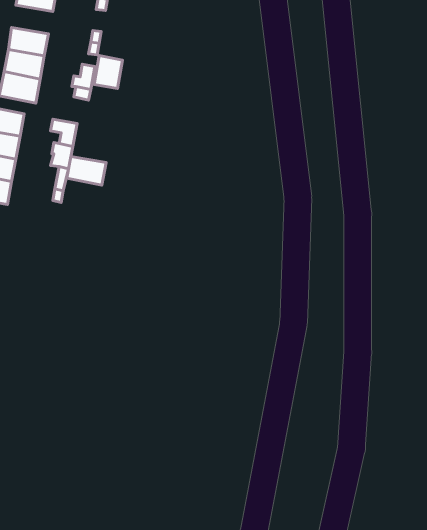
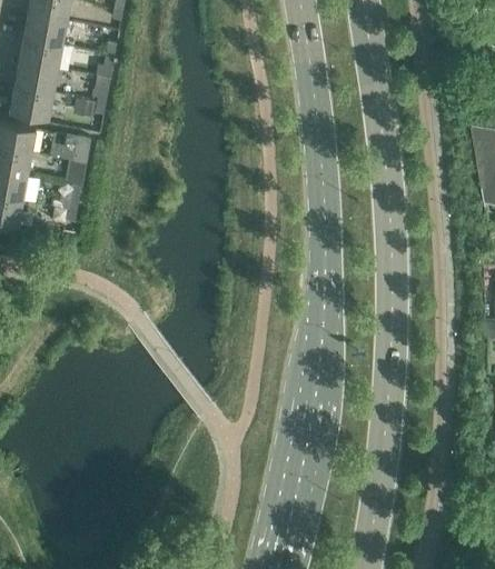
building: none -> [23,14,67,44]
building: [94,56,123,89] -> none
building: [67,157,106,185] -> none

